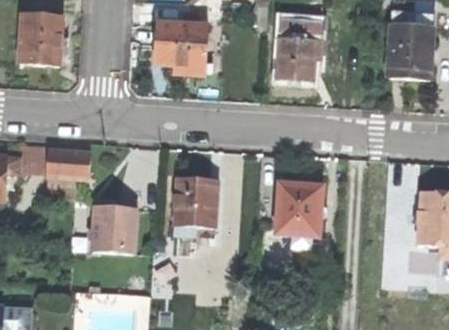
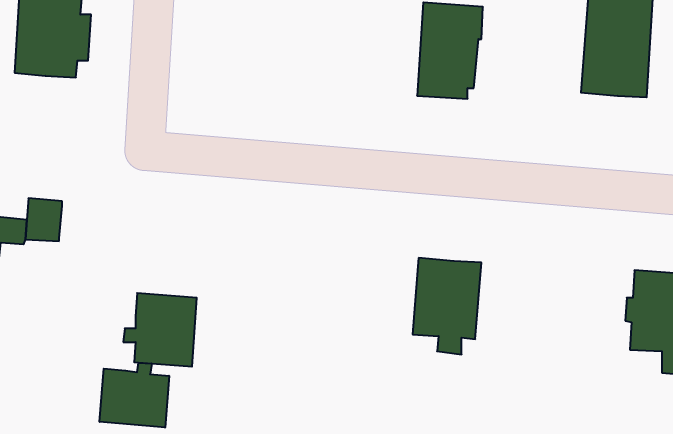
building: [152,20,210,74] -> none
building: [45,149,90,173] -> none
building: [175,179,219,236] -> none
building: none -> [100,363,169,428]

